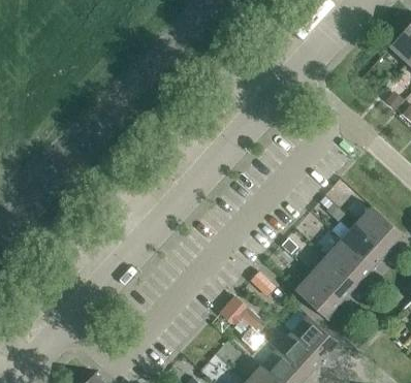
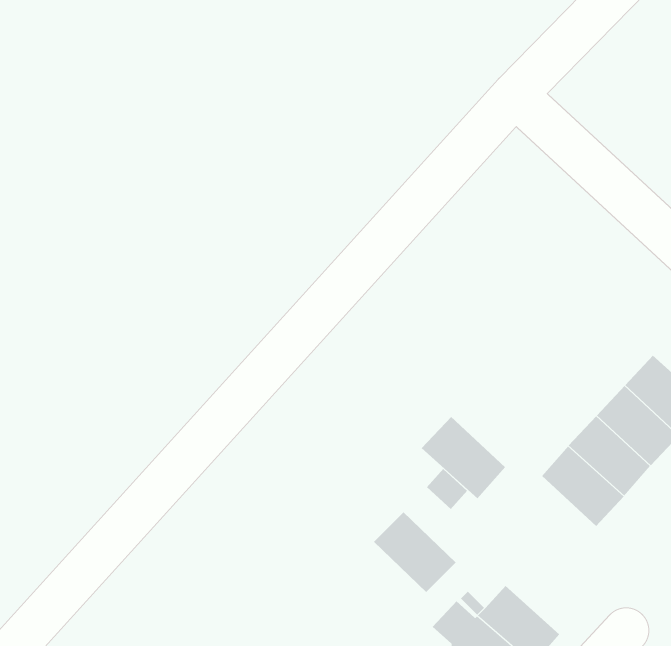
building: [294,274,341,319] -> [421,416,506,499]
building: [291,316,338,360] -> none

